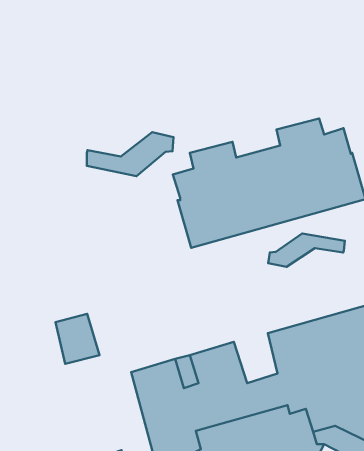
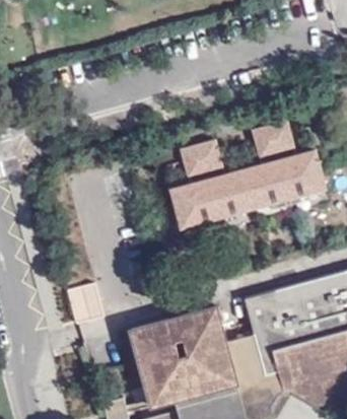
building: [87,132,173,176] -> none
building: [268,233,345,267] -> none

